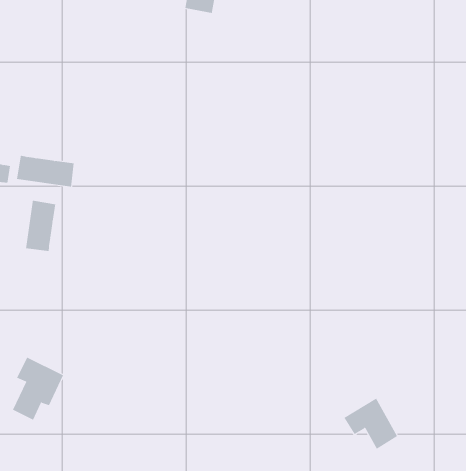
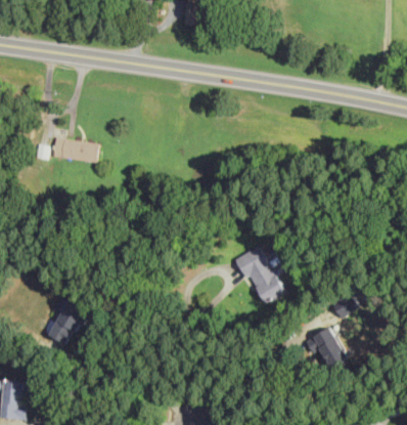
building: [25,200,56,252] -> none
building: none -> [236,246,284,305]

